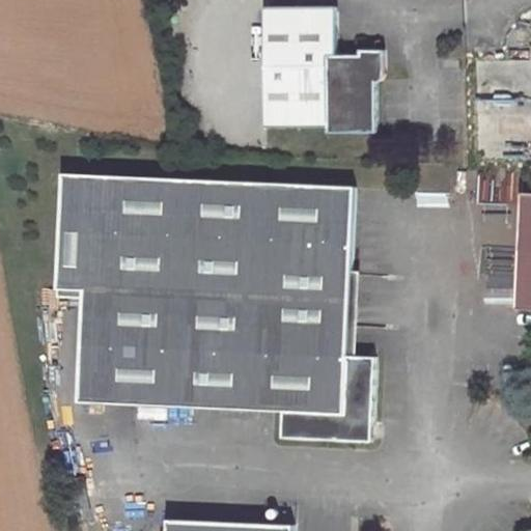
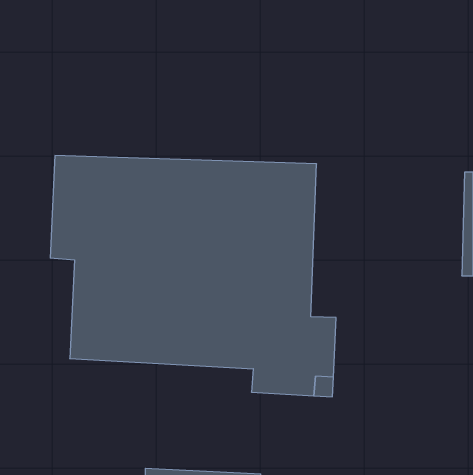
building: [262,8,383,132] -> none

